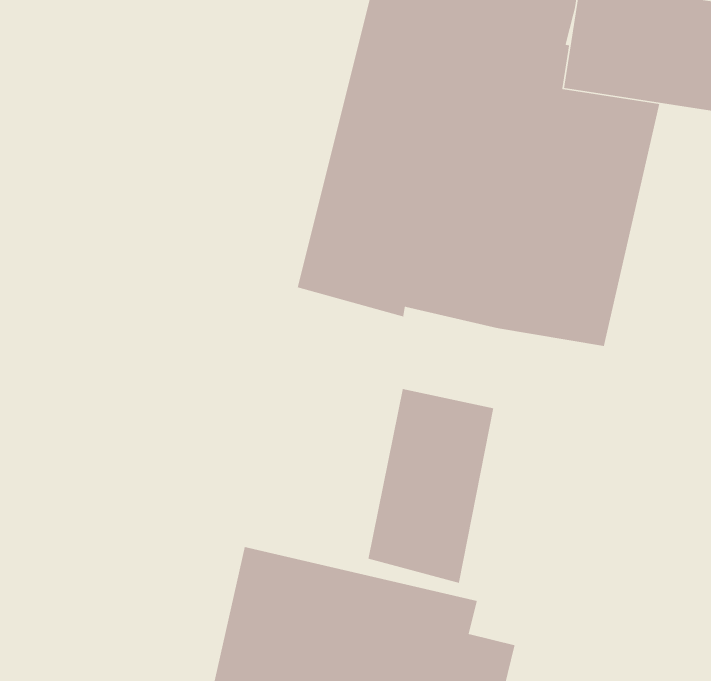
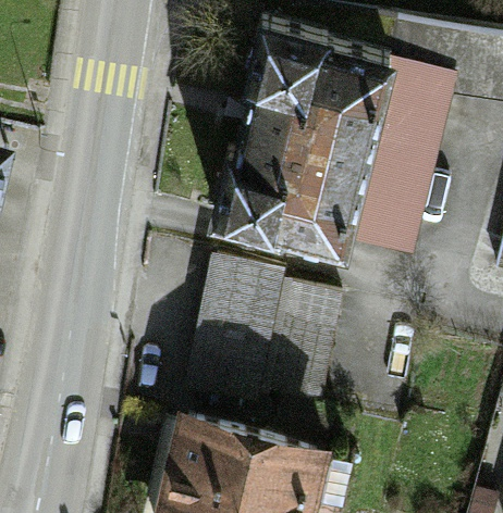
building: none -> [182,254,284,400]

